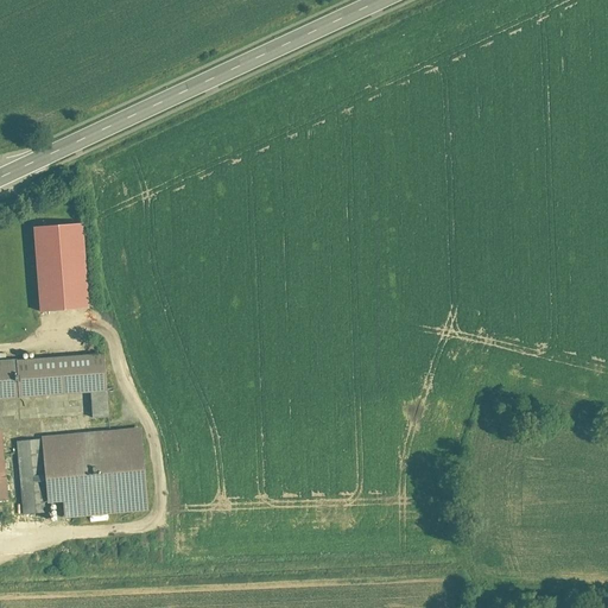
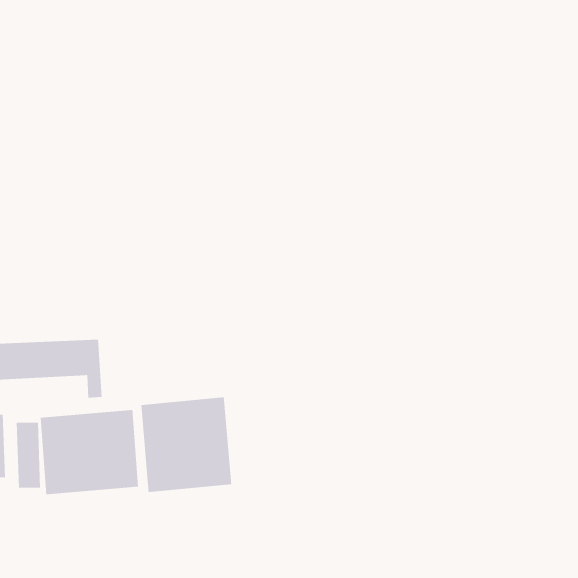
building: [33,224,89,311] -> none
building: none -> [141,397,232,493]

